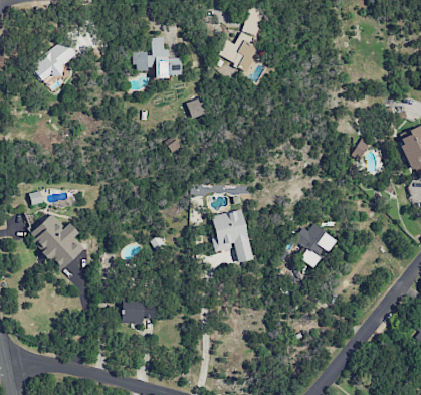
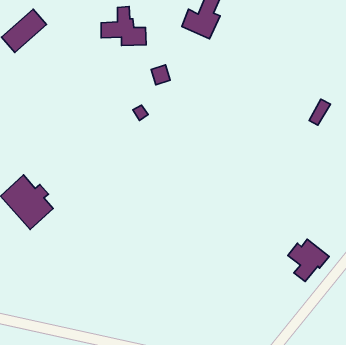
building: [212,209,253,263] -> none
building: [294,223,338,267] -> [288,239,329,281]
building: [122,300,155,324] -> none

